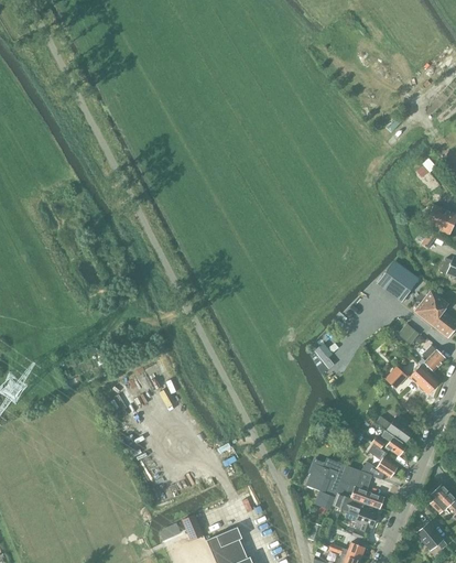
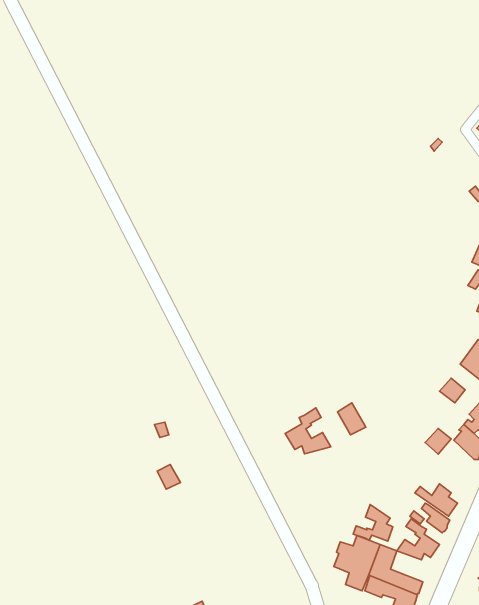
building: [380,263,417,301] -> none
building: none -> [285,408,331,454]
building: none -> [353,504,393,541]

